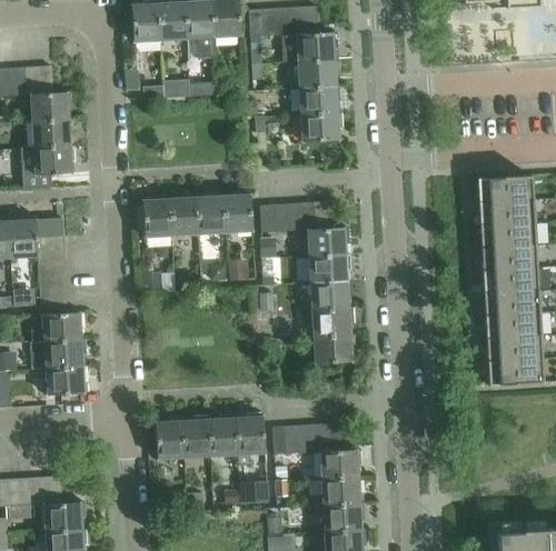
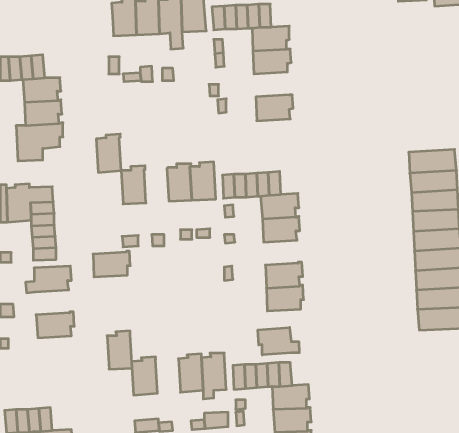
building: [296,86,340,114] -> none
building: [168,193,197,238] -> [96,134,121,172]
building: [307,280,350,310] -> none
building: [41,338,85,368] -> [93,251,130,277]
building: none -> [258,327,299,355]
building: [181,414,210,459] -> [107,331,132,369]

